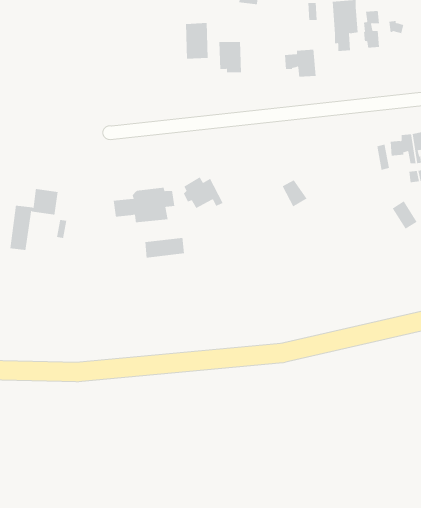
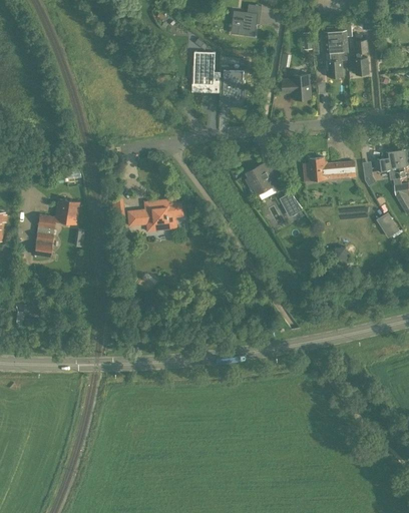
building: none -> [304,158,356,180]
building: [182,176,223,209] -> [247,165,284,194]
building: [145,237,184,258] -> none

